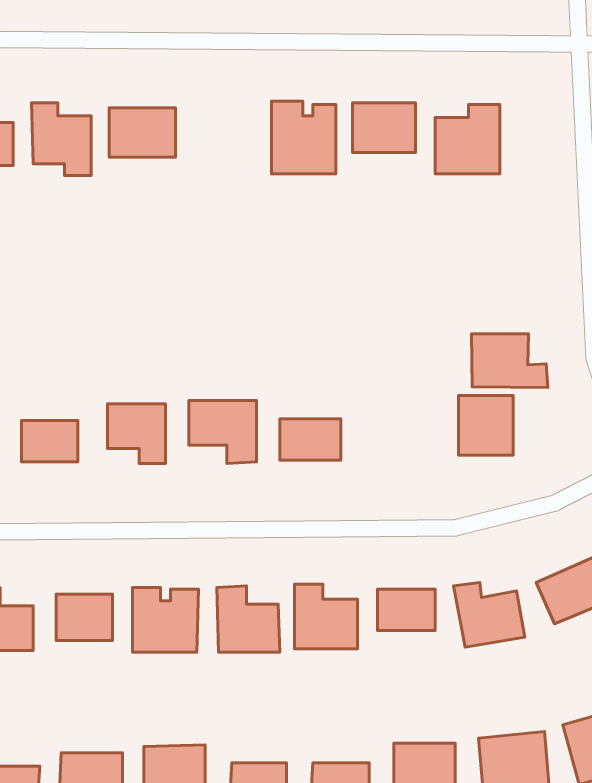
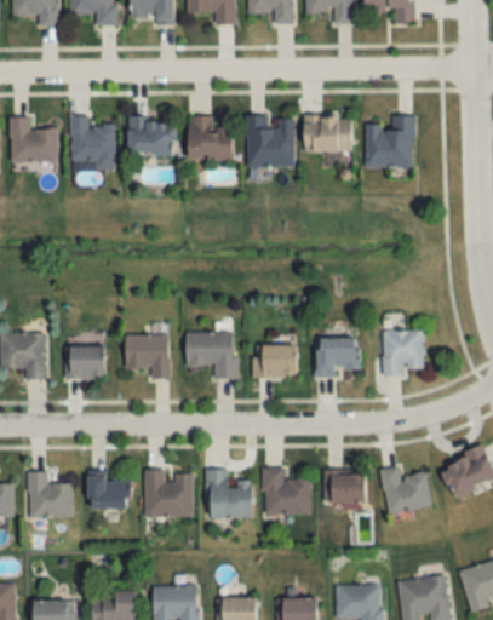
building: none -> [191,115,234,159]
building: [471,334,548,387] -> none
building: none -> [316,339,361,378]

